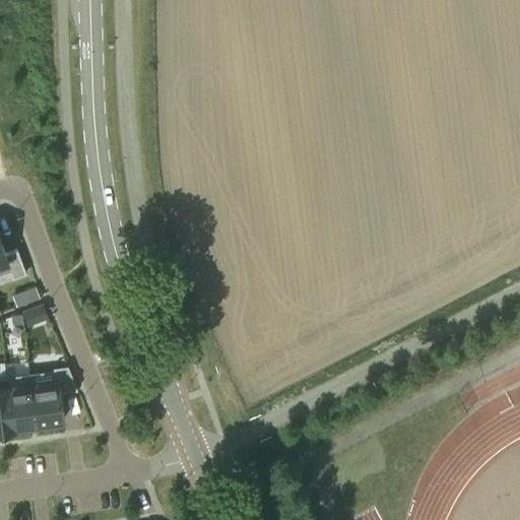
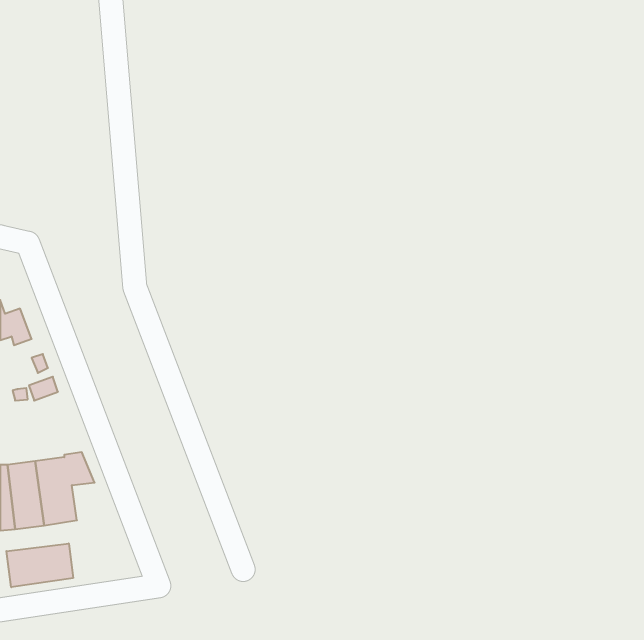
building: none -> [6,543,73,587]

